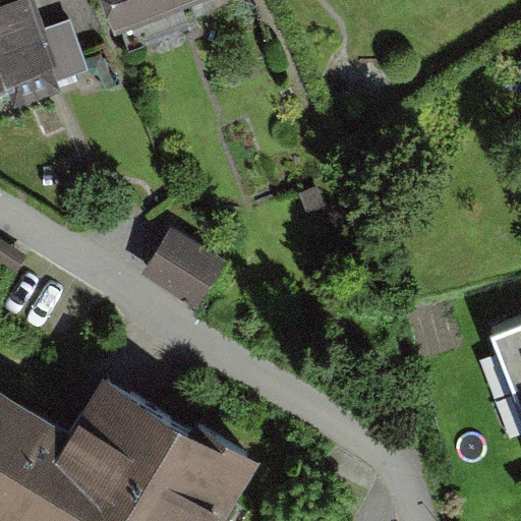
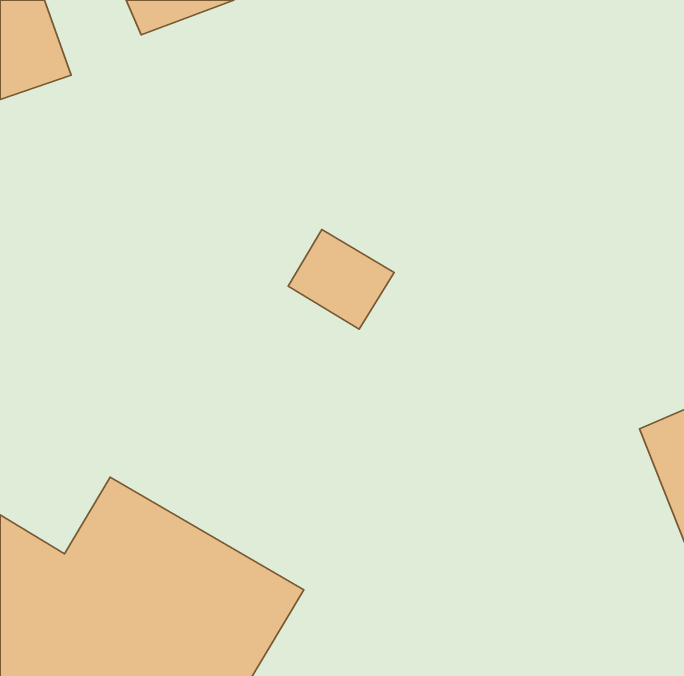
building: [141,235,222,310] -> [288,230,394,329]

